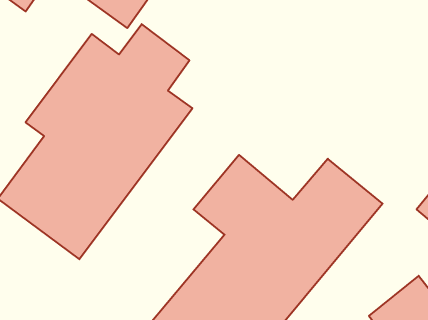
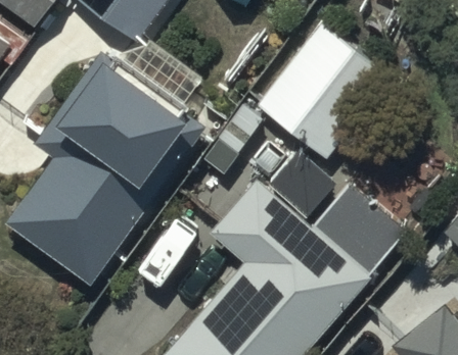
building: none -> [256,22,392,160]

